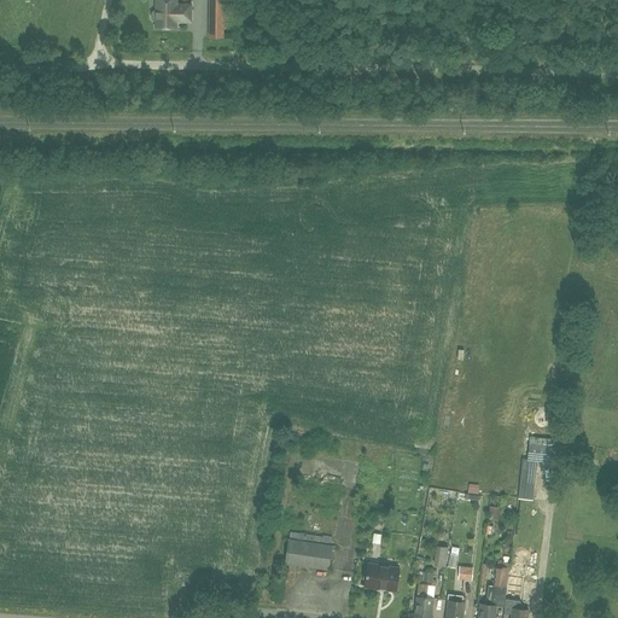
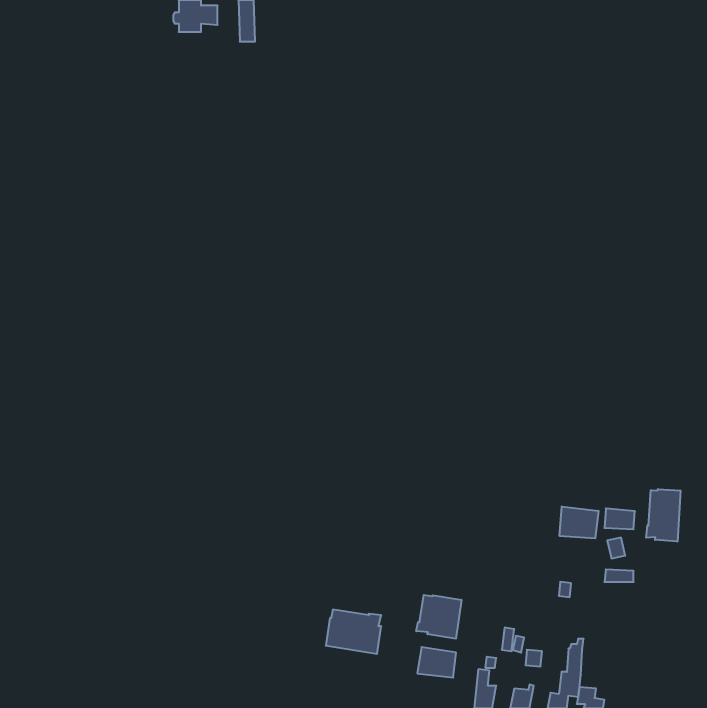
building: none -> [646,489,681,542]
building: none -> [560,506,598,538]
building: none -> [416,595,461,639]

